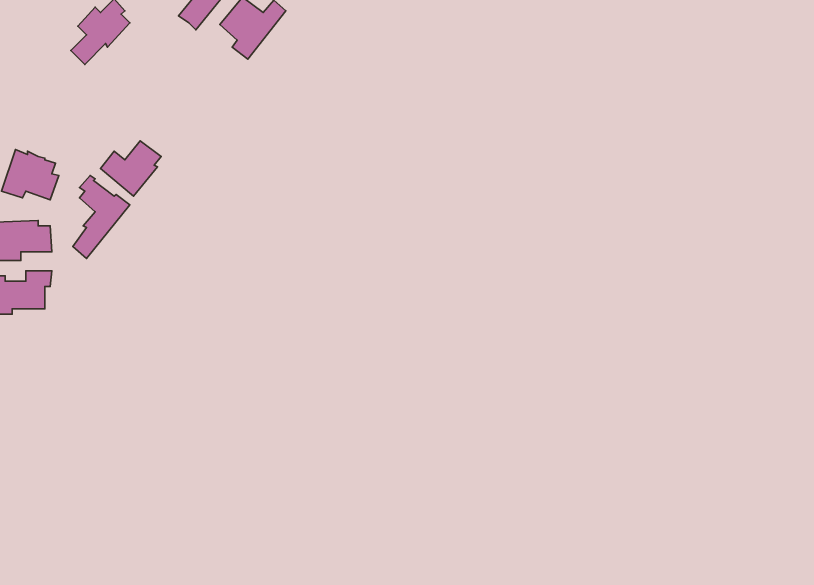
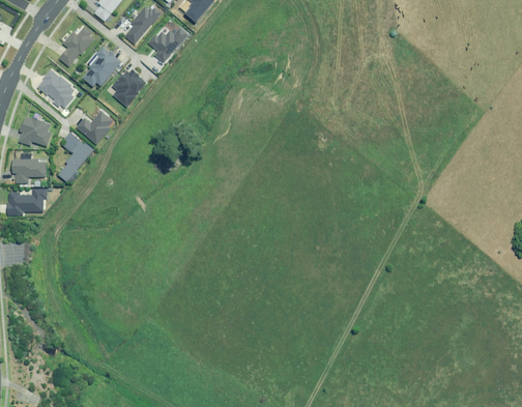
building: none -> [83,46,121,86]
building: none -> [109,67,144,106]
building: none -> [35,68,76,108]

